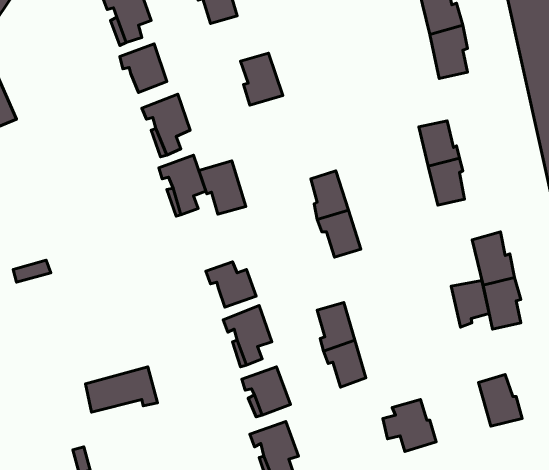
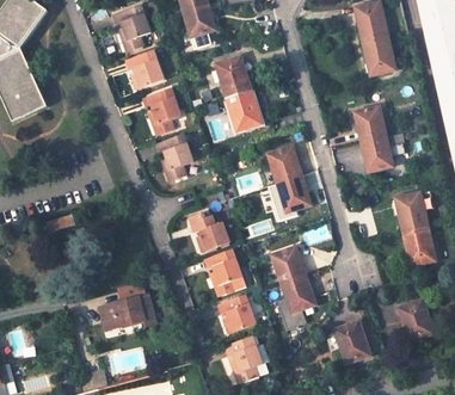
building: [199,161,246,214] -> [226,90,262,130]
building: [451,280,489,327] -> none

